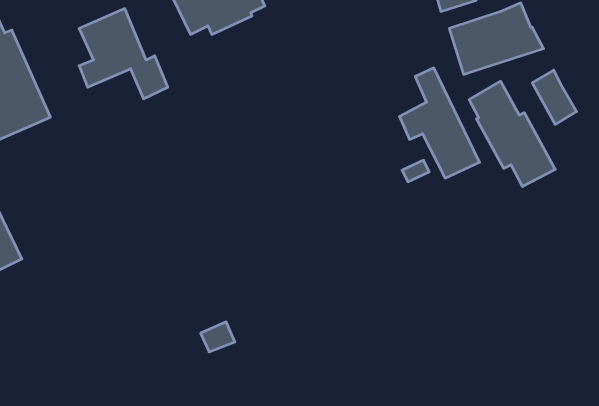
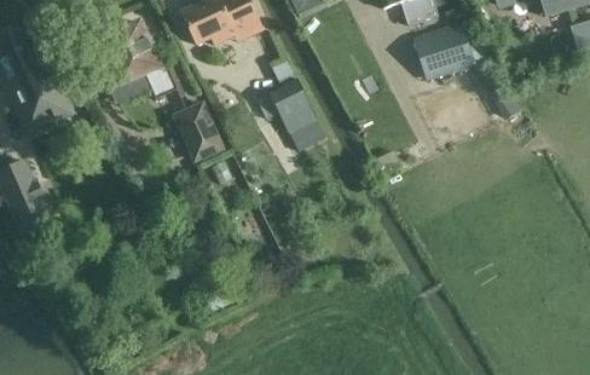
building: [399,68,480,178] -> [259,57,326,150]
building: [469,81,555,187] -> none
building: none -> [172,98,225,161]

